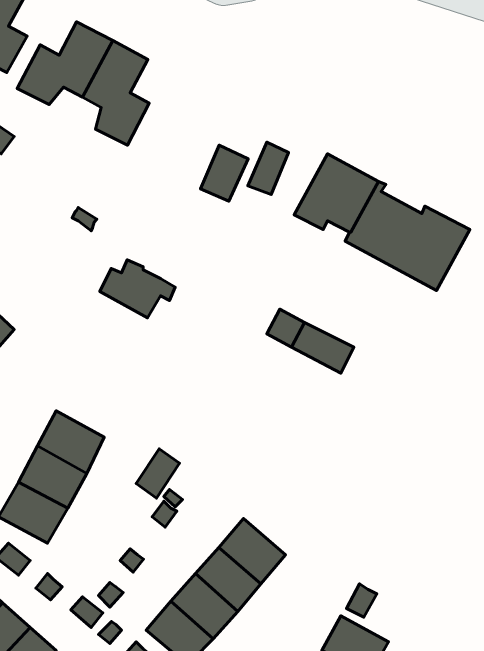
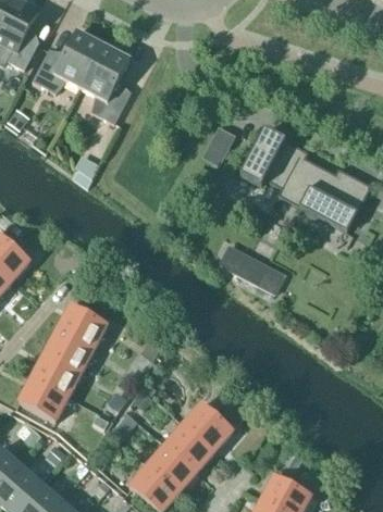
building: [200,145,248,201] -> none
building: [100,260,175,318] -> [61,298,118,341]

